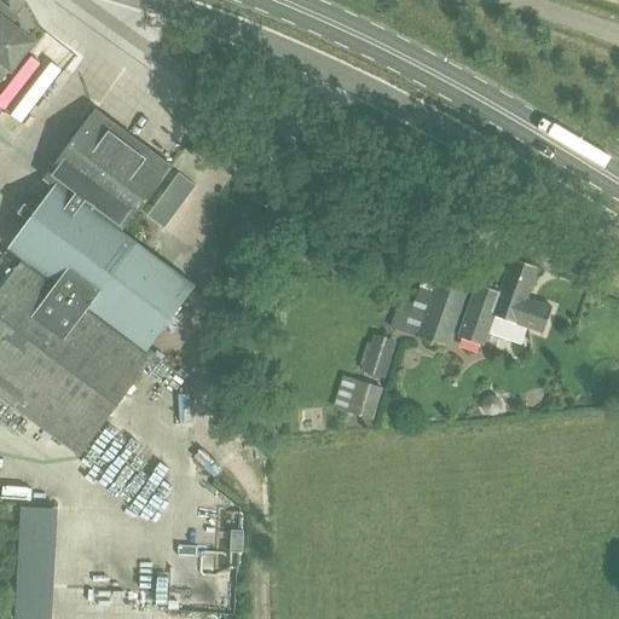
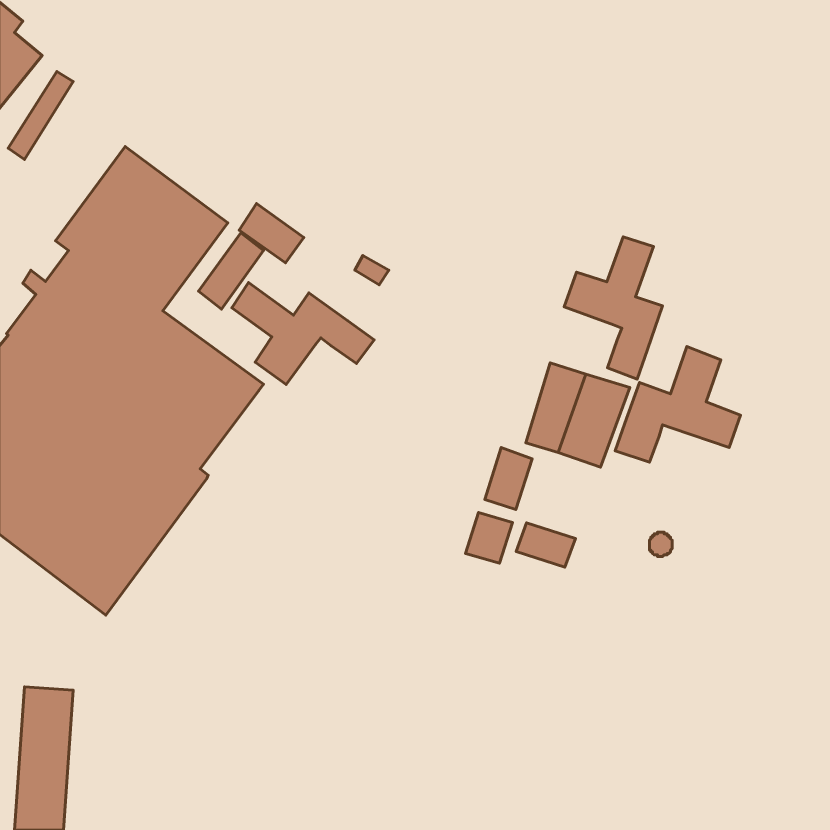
building: none -> [239,203,304,263]
building: none -> [564,237,663,379]
building: none -> [232,283,374,384]
building: none -> [516,523,575,567]

